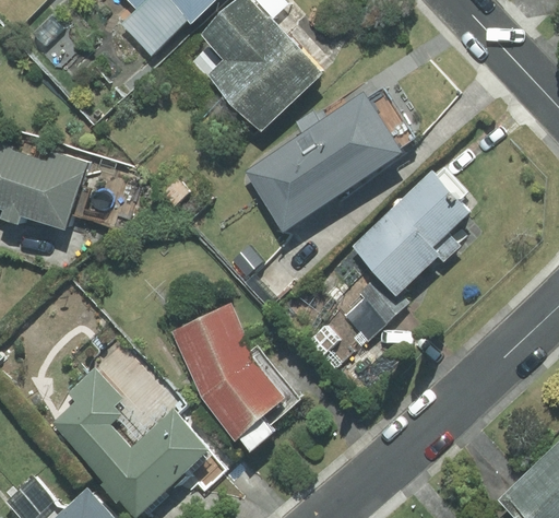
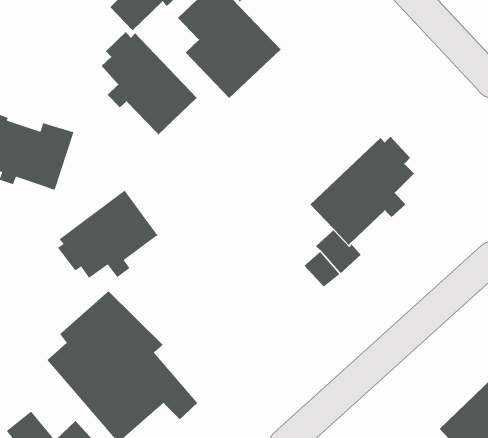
building: none -> [101,31,198,136]
building: [247,90,415,228] -> none
building: none -> [57,190,159,279]
building: [173,306,299,452] -> none

